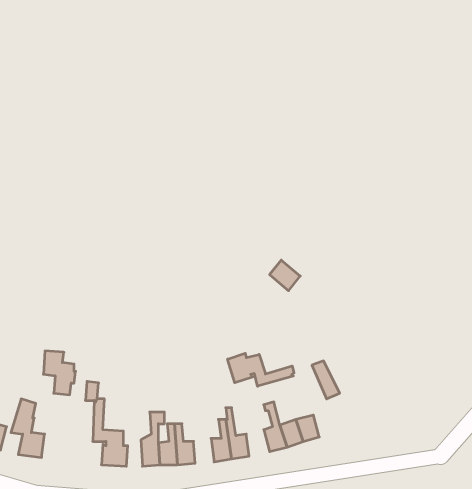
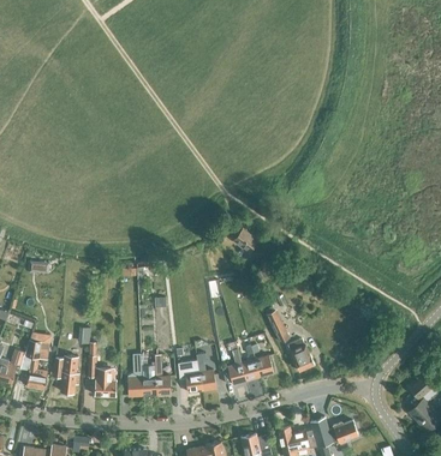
building: [43,351,76,395] -> [53,356,79,392]
building: [228,353,294,386] -> none
building: none -> [288,337,315,371]

